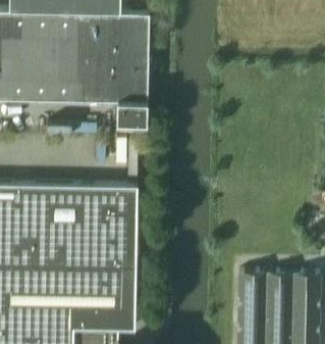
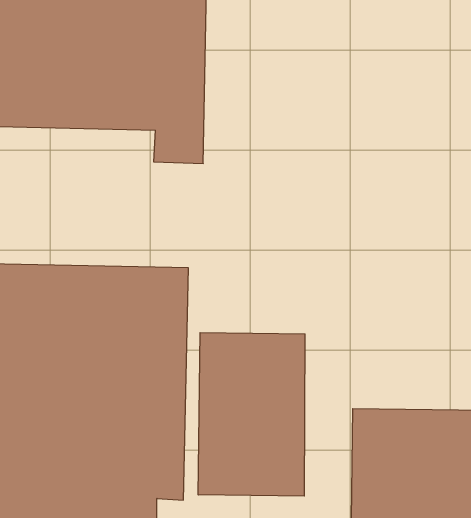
building: none -> [198,333,305,496]

